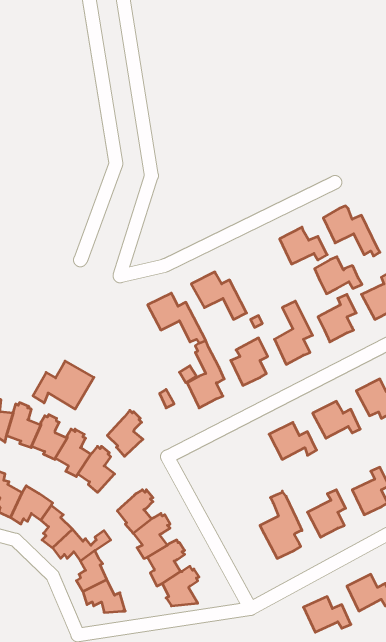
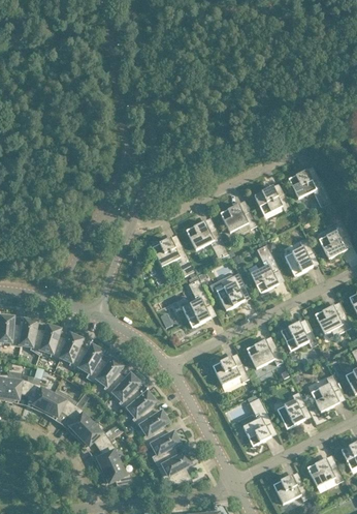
building: [315,257,362,294] -> [220,204,257,233]
building: [33,361,94,409] -> none
building: [107,410,143,456] -> [112,373,140,410]
building: none -> [212,357,249,386]

